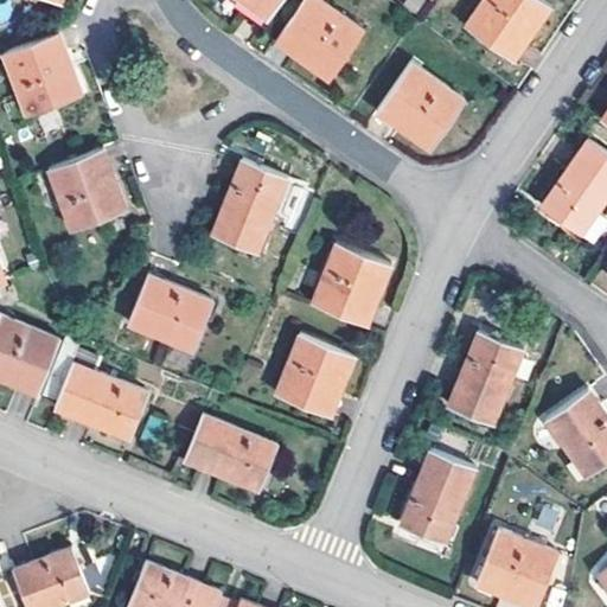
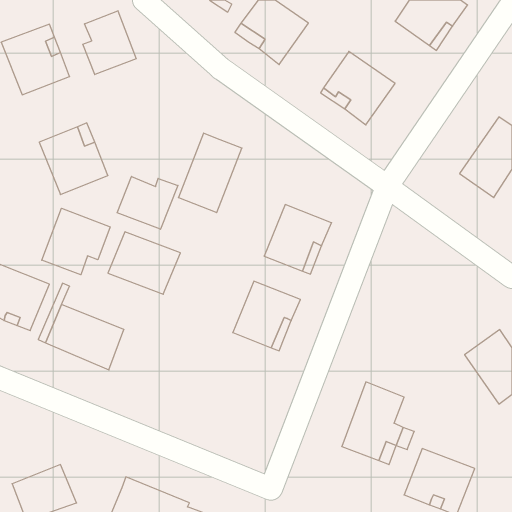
building: none -> [83,11,136,75]
building: none -> [117,176,178,229]
building: none -> [42,208,110,275]
building: [448,332,523,427] -> none
building: [183,414,275,491] -> none

